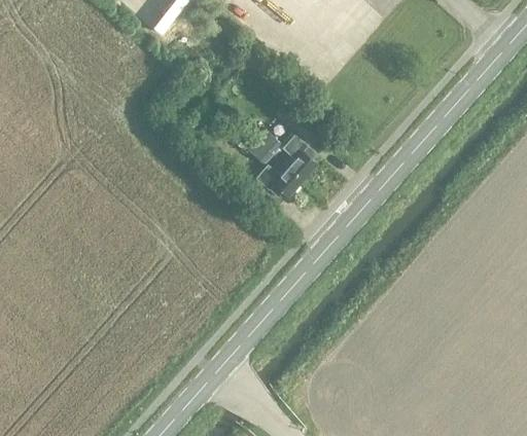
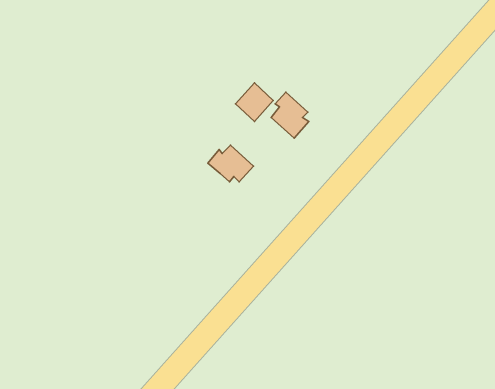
building: [258,160,304,196] -> [208,145,254,182]

